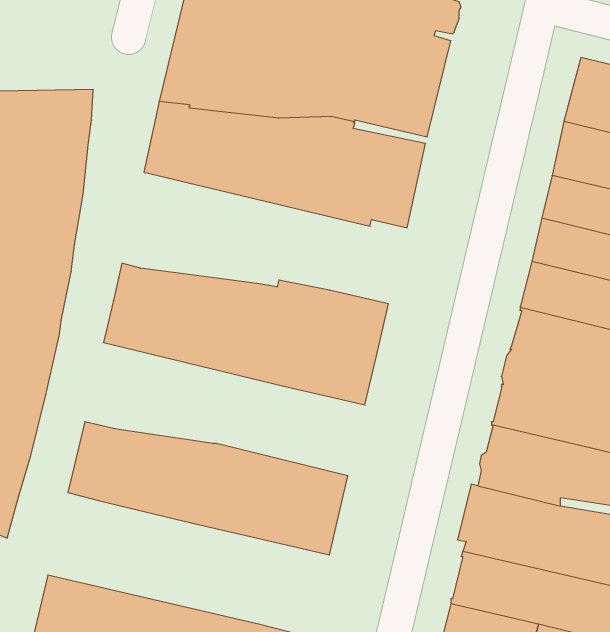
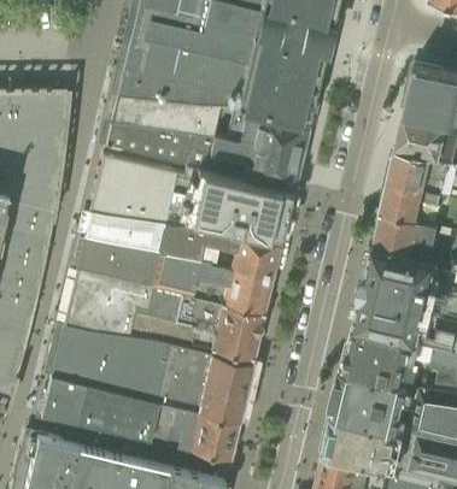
building: none -> [88,155,294,241]
building: none -> [61,269,262,359]
building: none -> [40,376,236,460]

